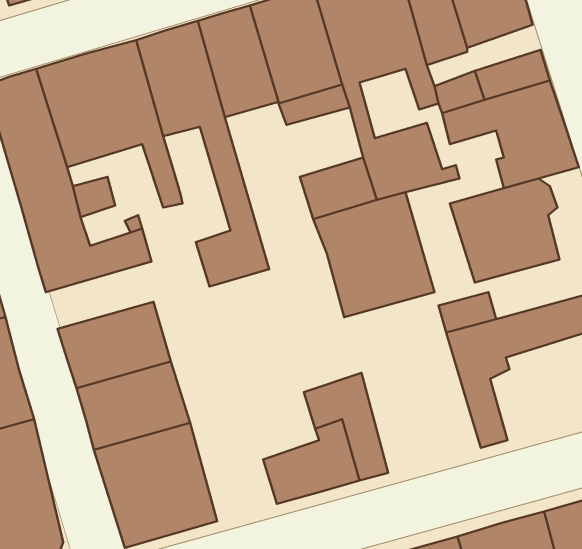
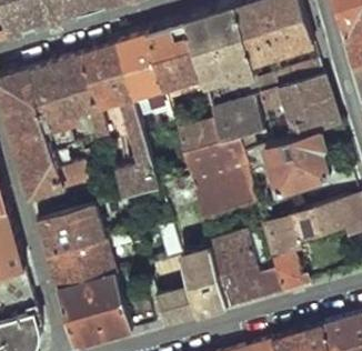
building: none -> [211,232,281,304]

